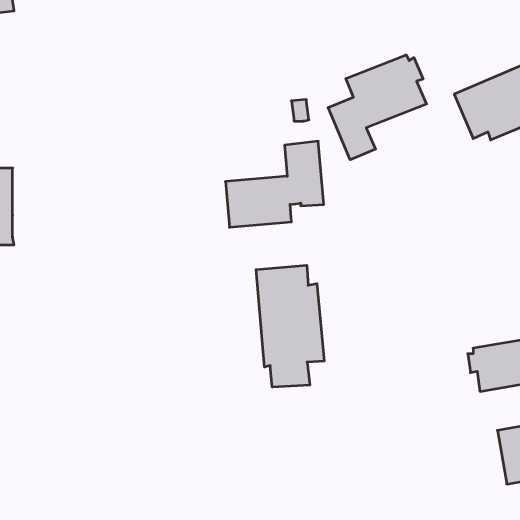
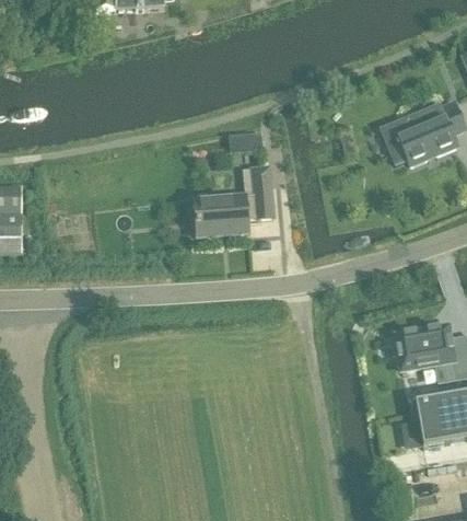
building: [328,55,427,160] -> none
building: [256,265,324,387] -> none

